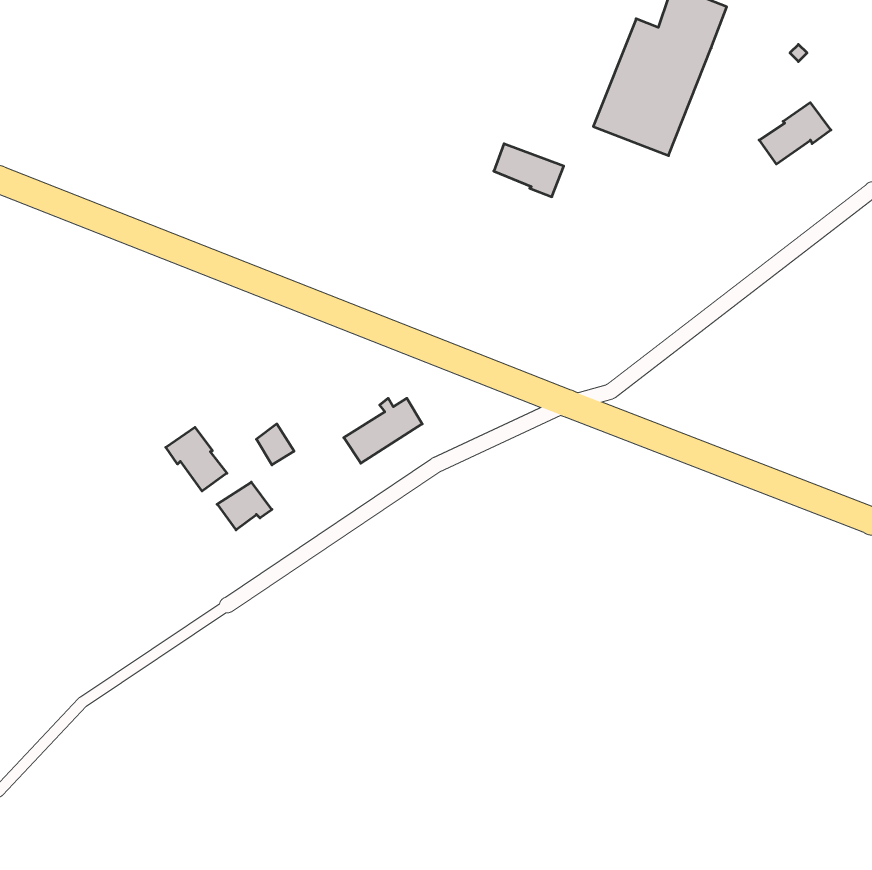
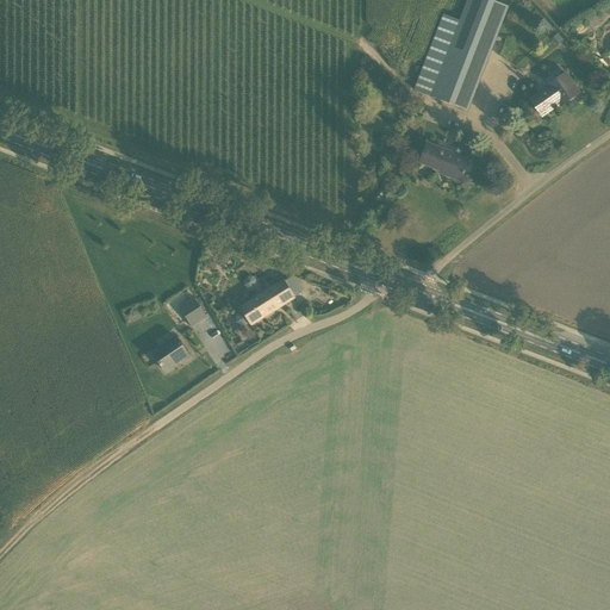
building: [494,144,564,197] -> [419,142,468,179]
building: [166,427,227,491] -> none

